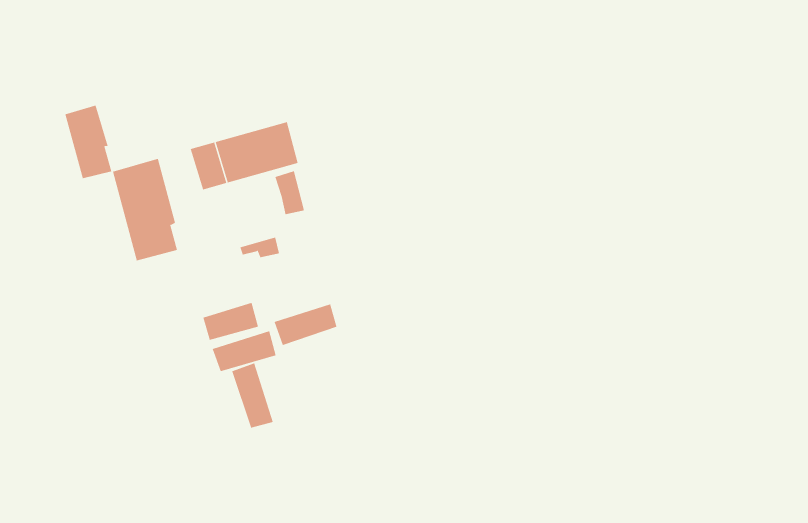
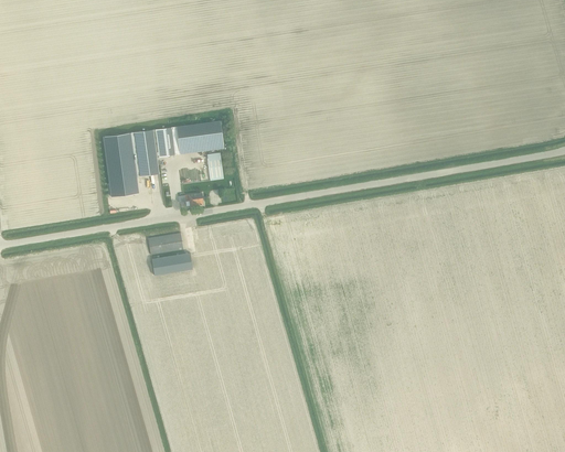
building: [65,105,112,179] -> [134,129,159,175]
building: [274,304,337,346] -> none
building: [231,362,274,428] -> none

